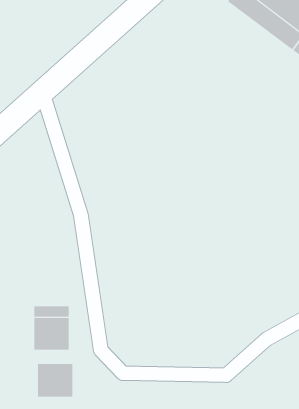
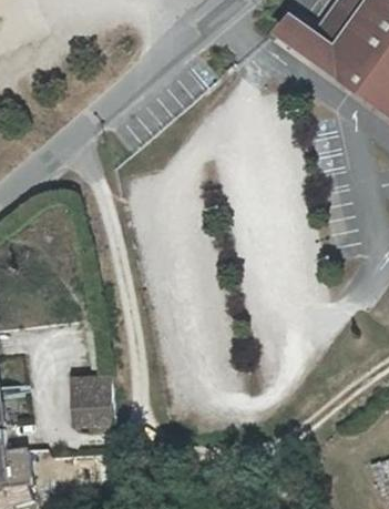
building: [37,363,73,397] -> none

